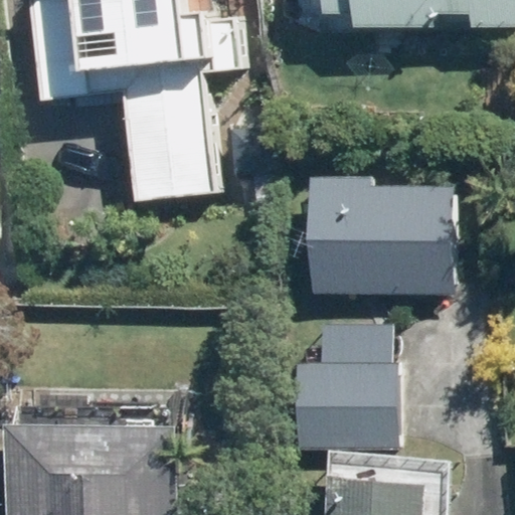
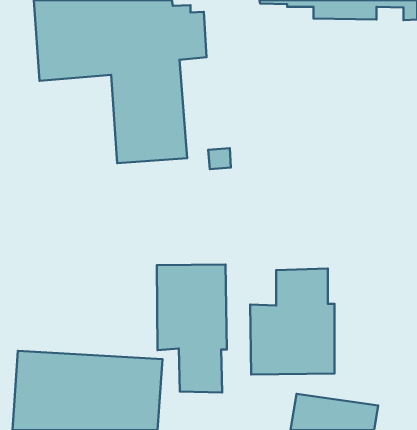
building: [319,176,459,293] -> none
building: none -> [157,264,227,393]

